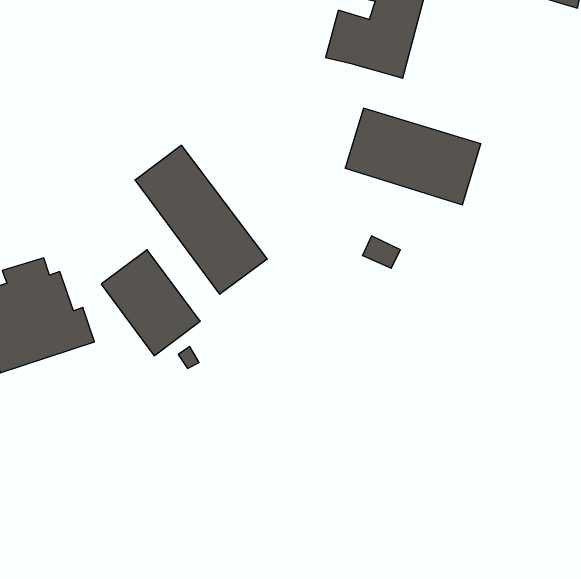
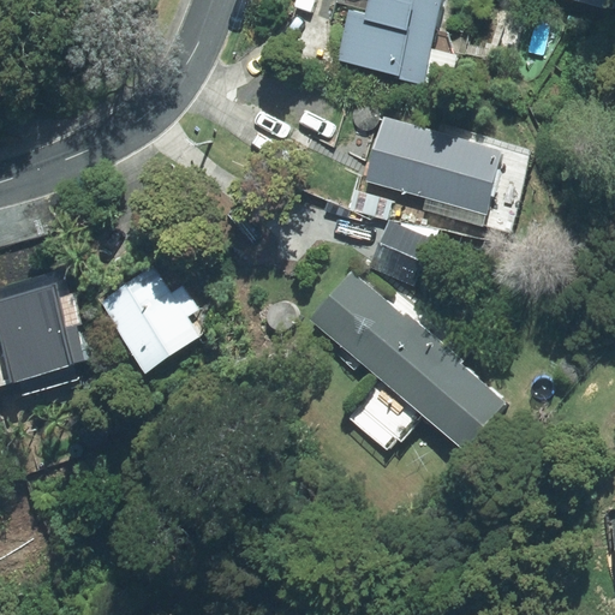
building: [135,145,267,294] -> none
building: none -> [306,268,504,452]

